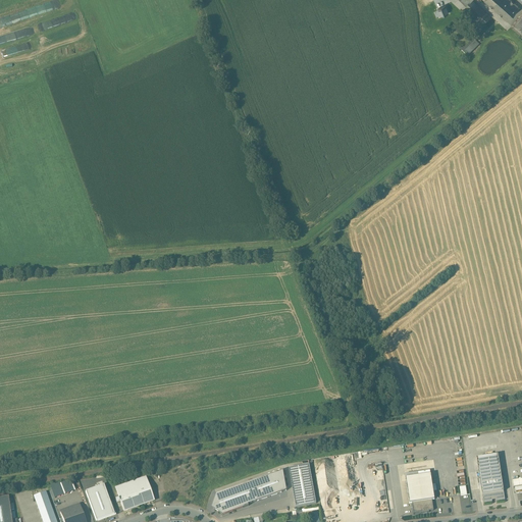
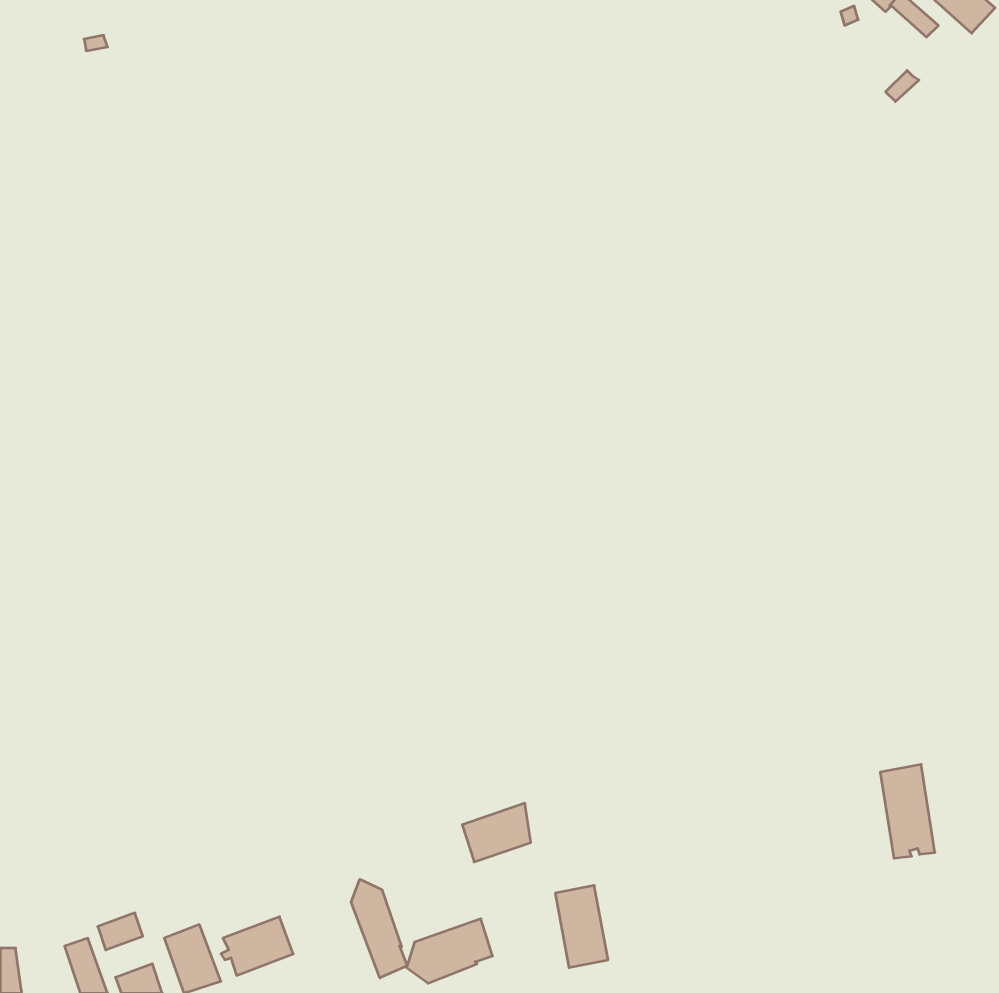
building: [476,452,505,501] -> [880,764,935,858]
building: none -> [351,879,407,978]
building: [251,468,286,499] -> [462,803,531,862]
building: [405,473,435,511] -> none

